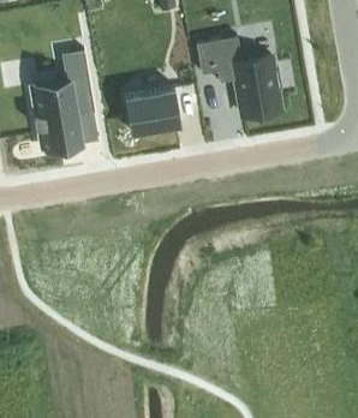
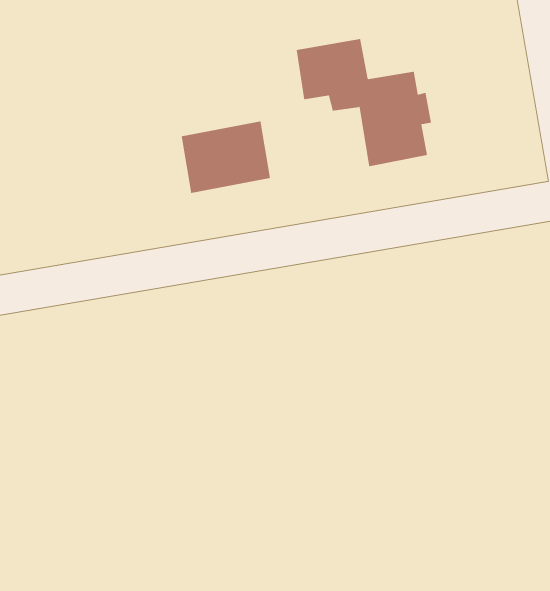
building: [31,47,94,147] -> none

